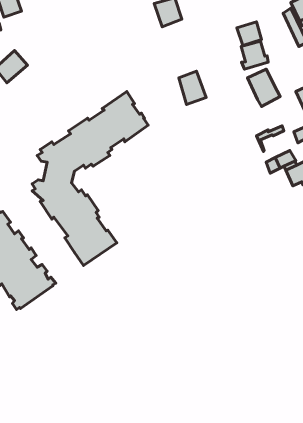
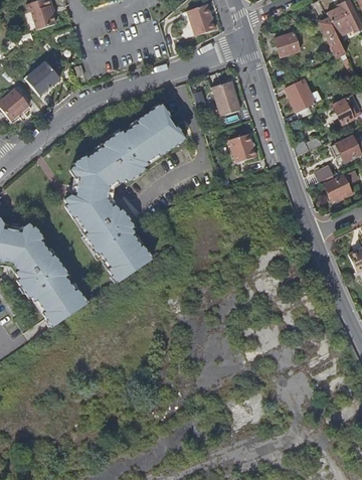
building: [241,41,268,69] -> none
building: none -> [230,133,256,160]

